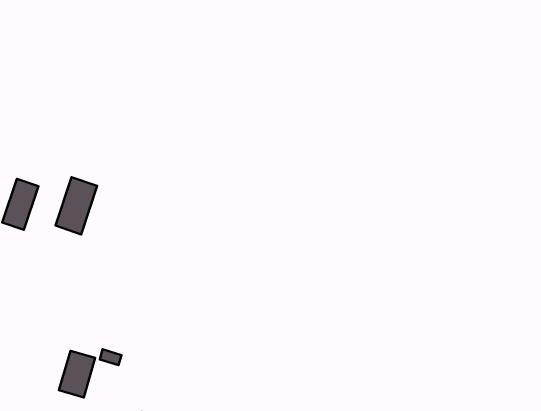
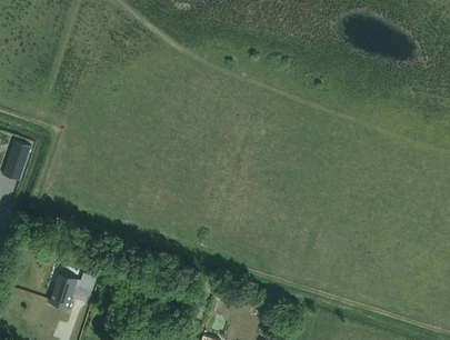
building: [55,177,97,234] -> none

